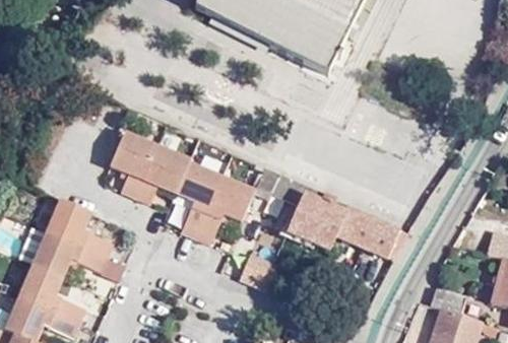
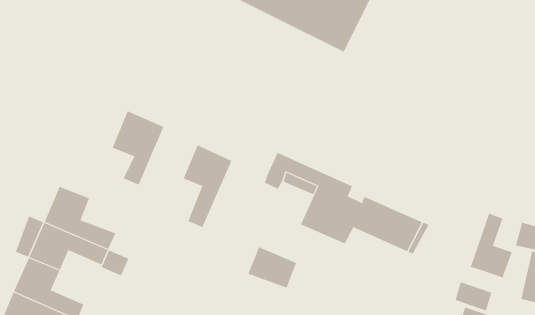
building: [136,143,191,203] -> none
building: [195,175,254,244] -> none
building: none -> [470,213,513,278]

